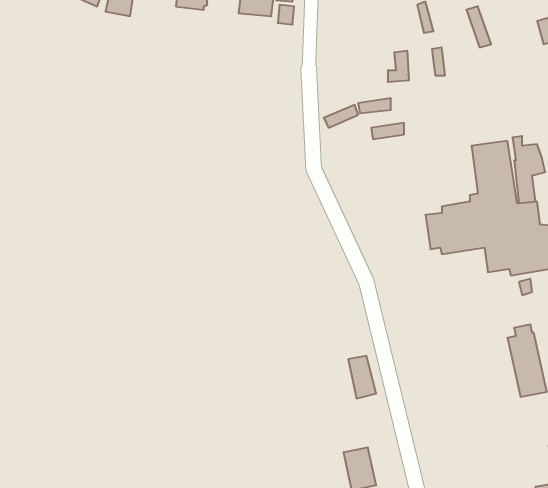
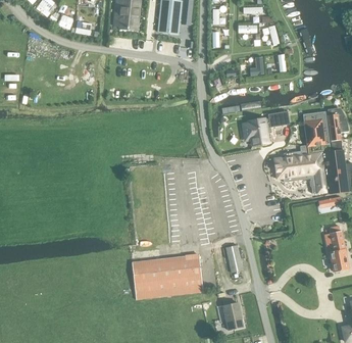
building: none -> [242,110,289,145]
building: none -> [132,254,203,299]

